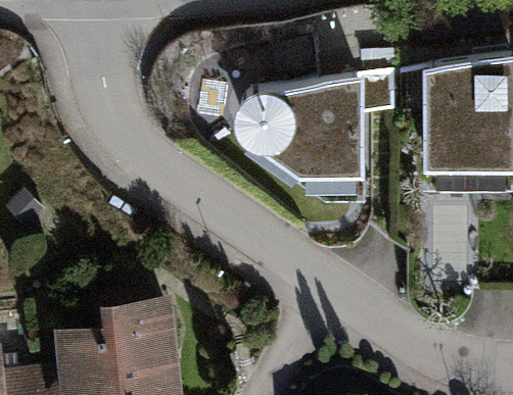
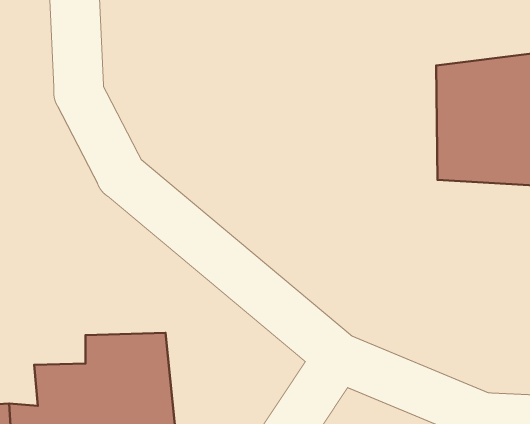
building: [233,70,363,169] -> none

